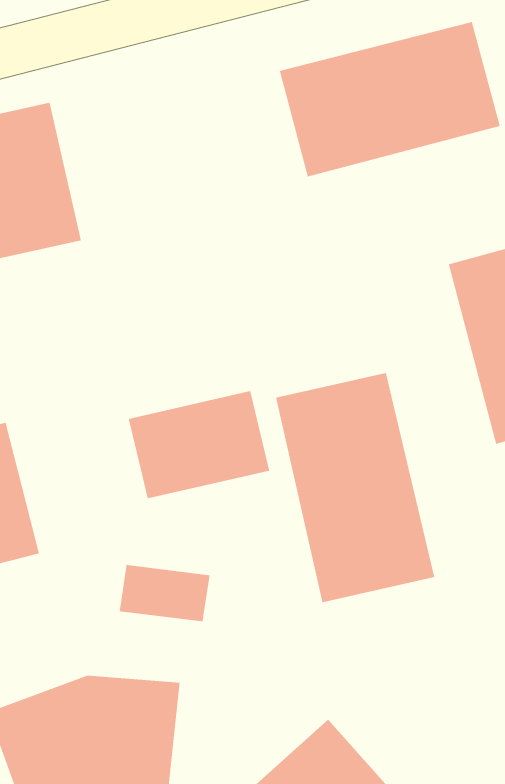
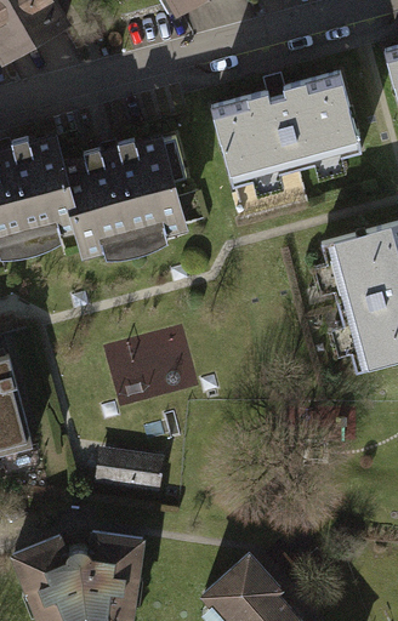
building: none -> [61,132,186,249]
building: [275,372,435,603] -> none

